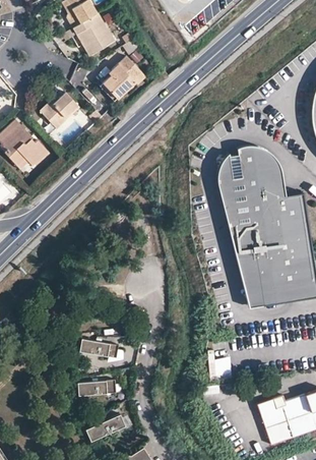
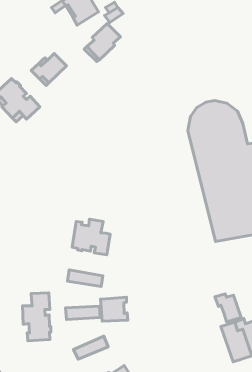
building: none -> [72,219,110,255]
building: none -> [22,293,51,341]
building: none -> [215,294,241,322]
building: none -> [101,297,128,321]

